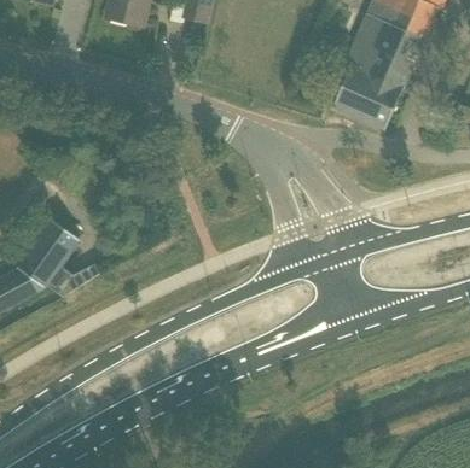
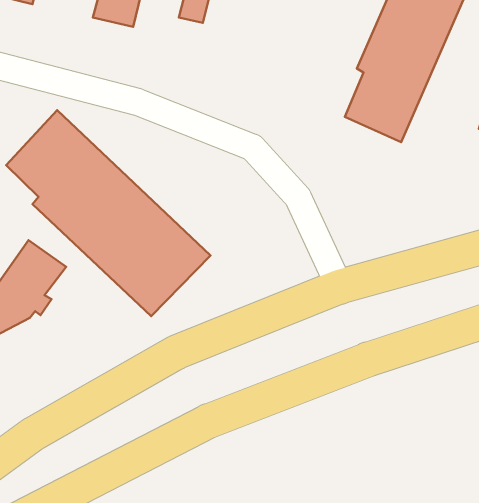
building: none -> [6,110,210,316]

